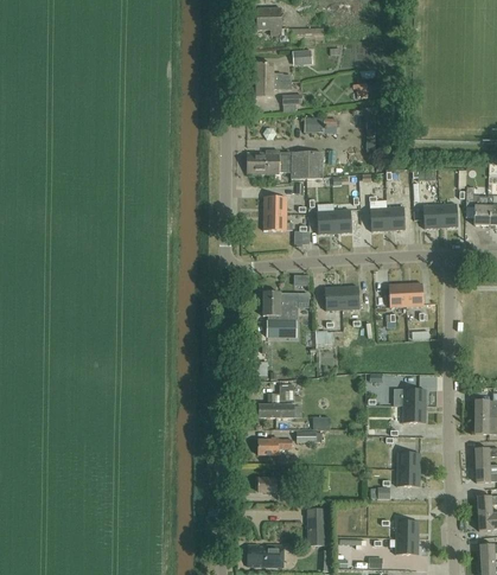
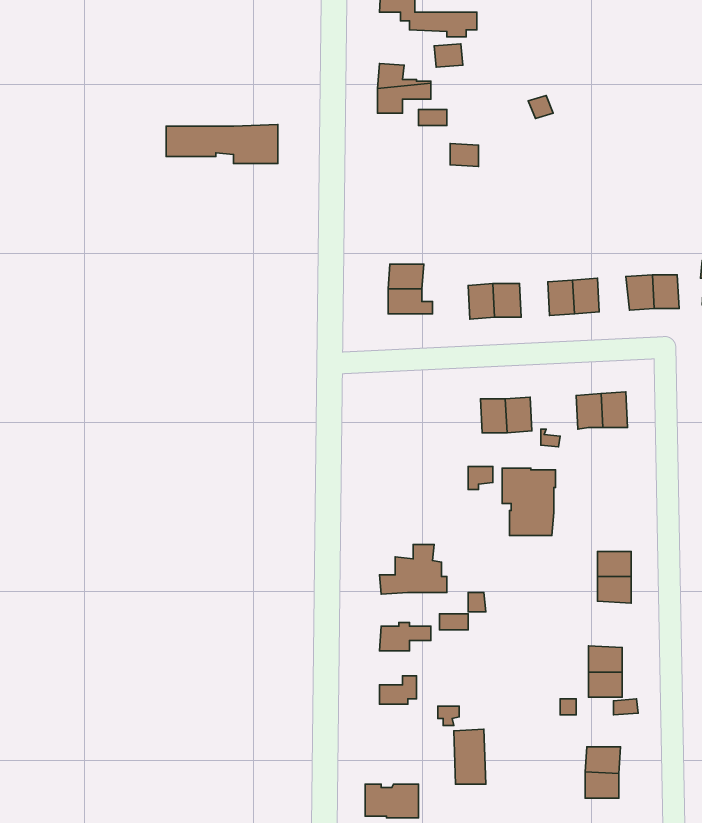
building: [247,152,321,178] -> [166,124,278,164]
building: [262,292,298,337] -> [502,468,556,535]

